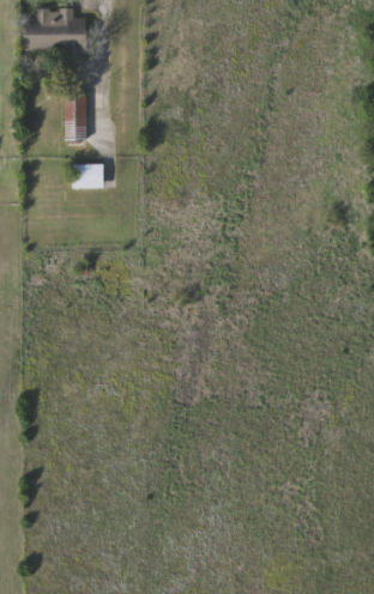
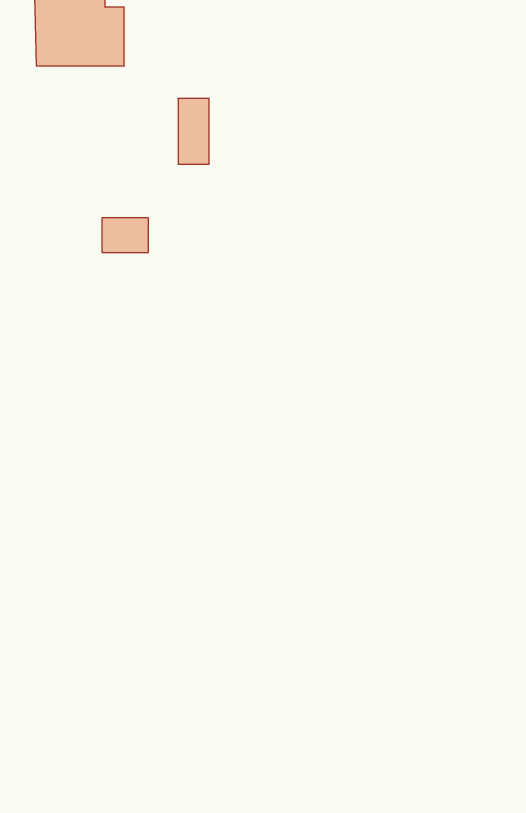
building: [65,93,86,139] -> [178,98,209,164]

